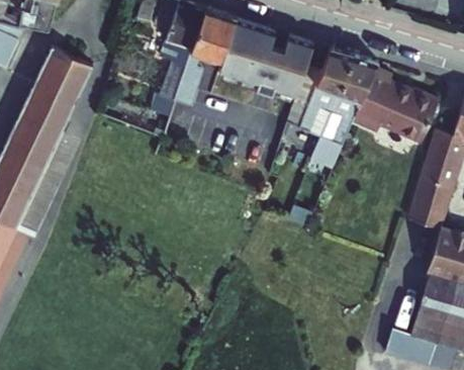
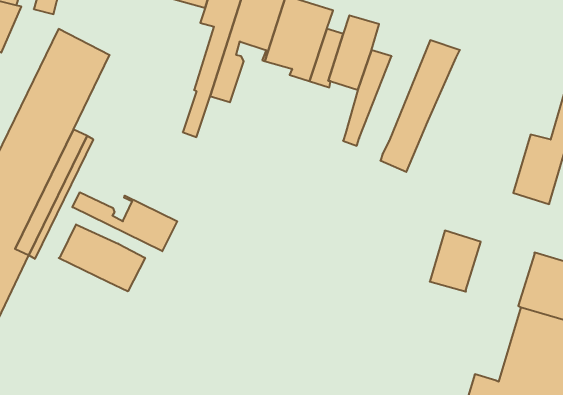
building: [294,49,354,148] -> none
building: [352,70,439,145] -> none
building: none -> [72,192,177,251]
building: [409,180,451,229] -> [430,231,481,292]
building: none -> [59,224,145,291]

